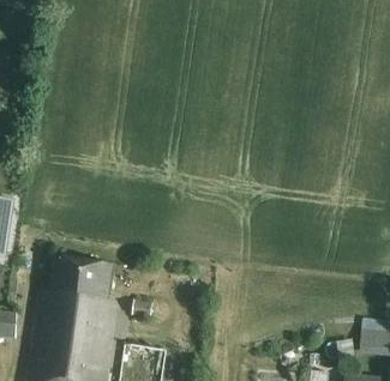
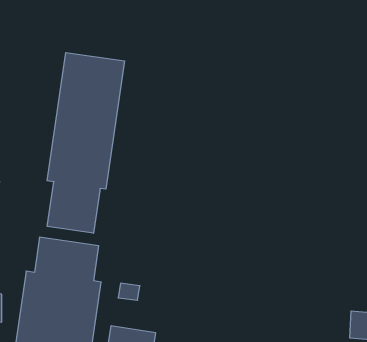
building: none -> [47,53,124,233]

